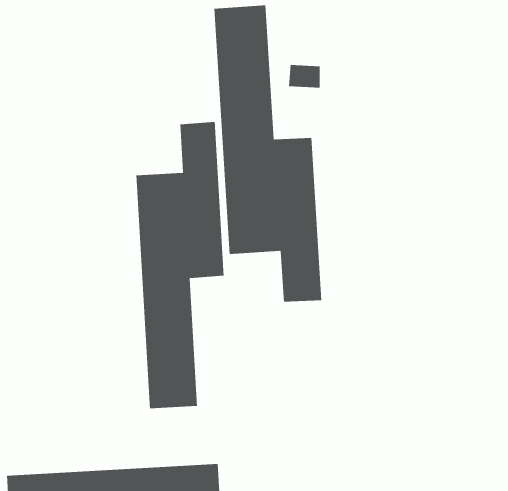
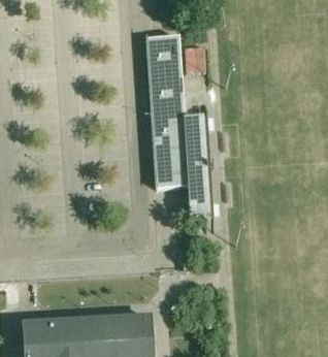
building: [136,121,224,409] -> none

